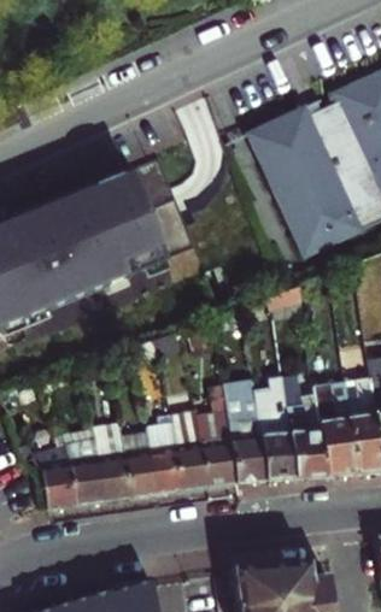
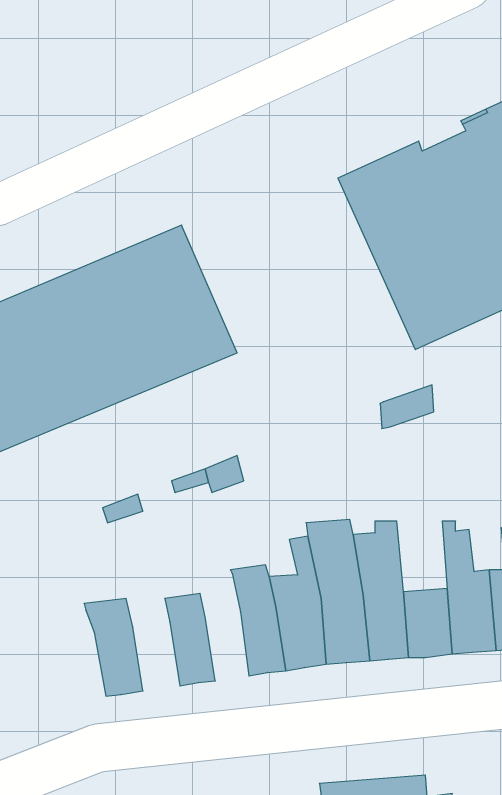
building: [147,416,183,493] -> none
building: [95,430,134,500] -> none
building: [40,442,81,507] -> none

